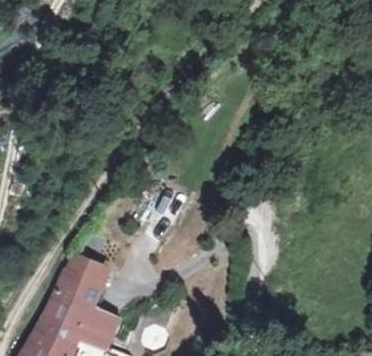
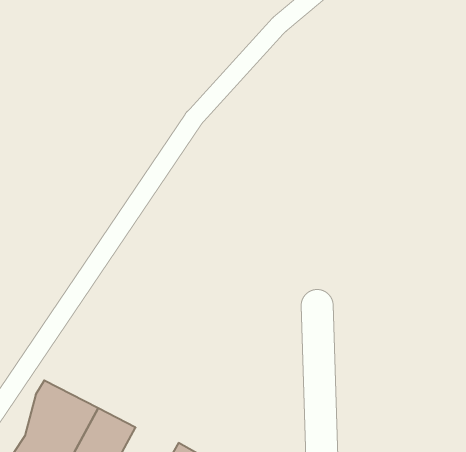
building: [54,252,111,304] -> none

